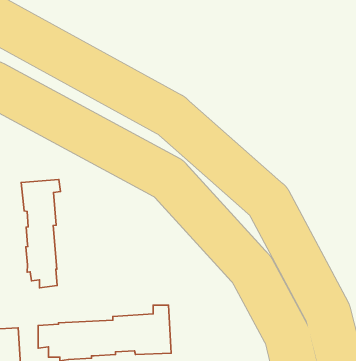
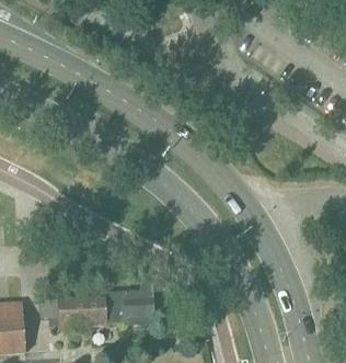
building: [21,179,61,288] -> none

